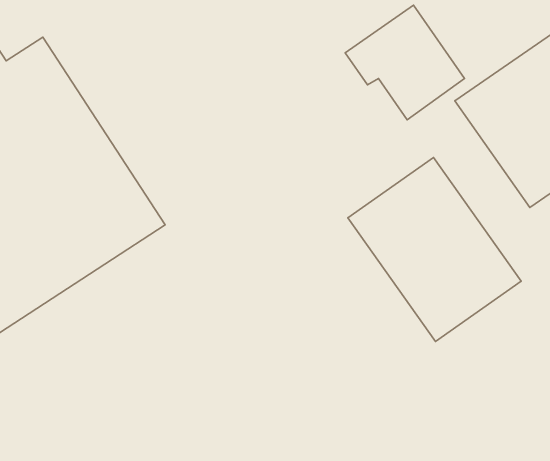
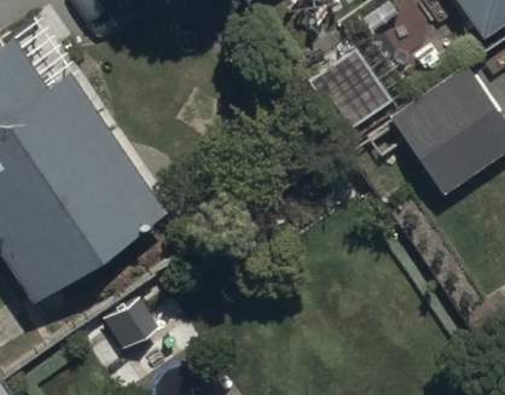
building: [348,158,521,341] -> none

